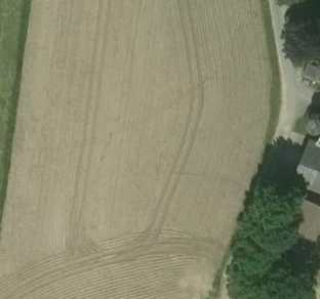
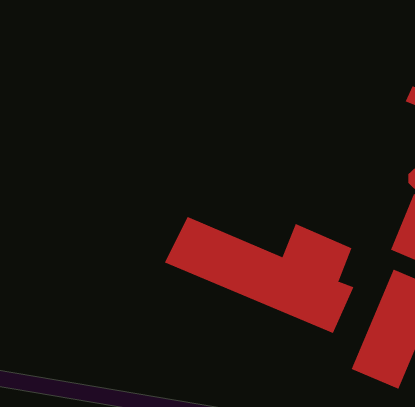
building: none -> [164,216,354,334]

